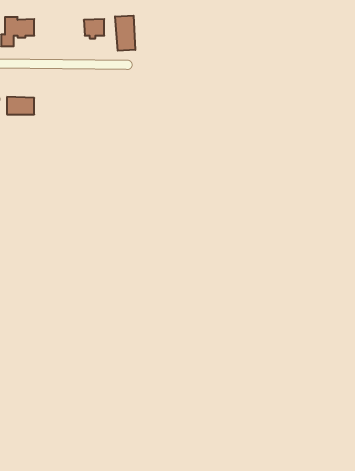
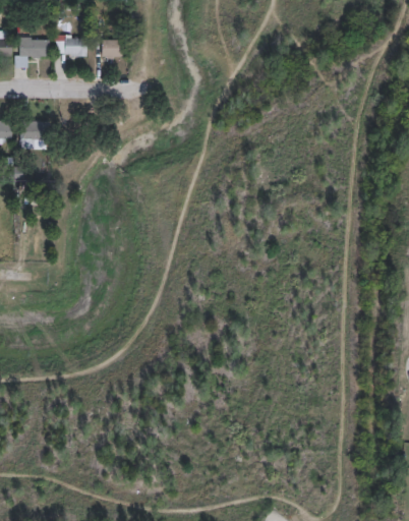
building: [115,16,135,51] -> none
building: none -> [55,38,85,56]

